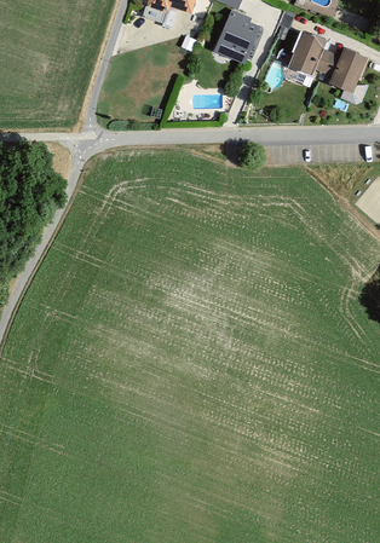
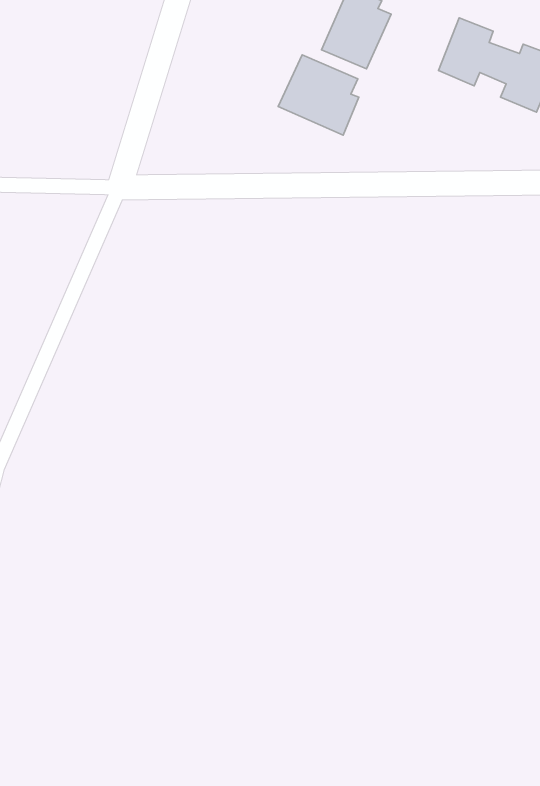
building: none -> [278,55,359,135]

